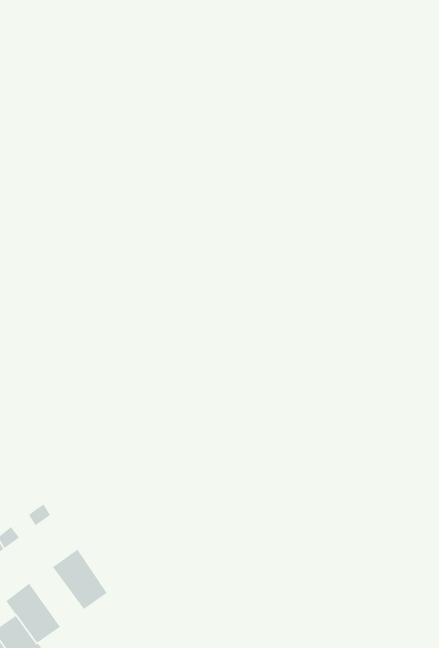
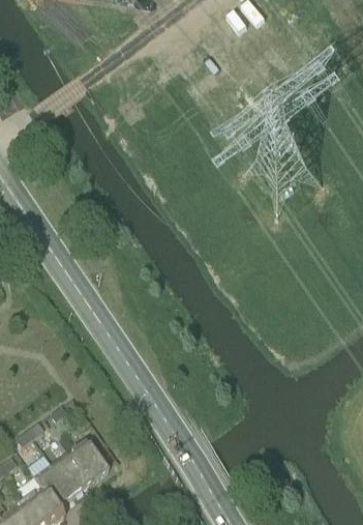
building: none -> [50,455,89,498]

